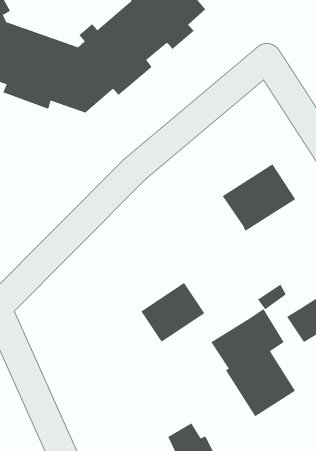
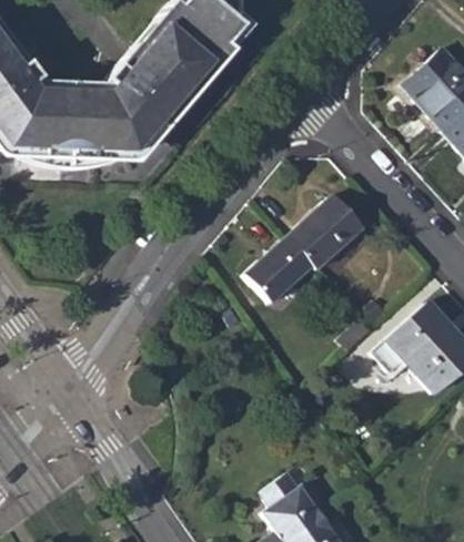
building: [140,282,205,343] -> [243,235,311,301]
building: [211,308,296,417] -> none

